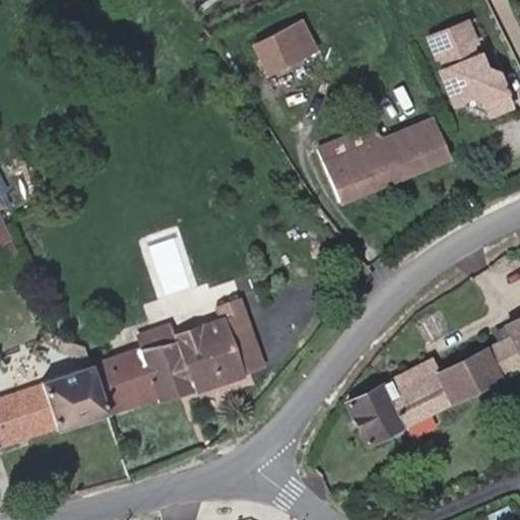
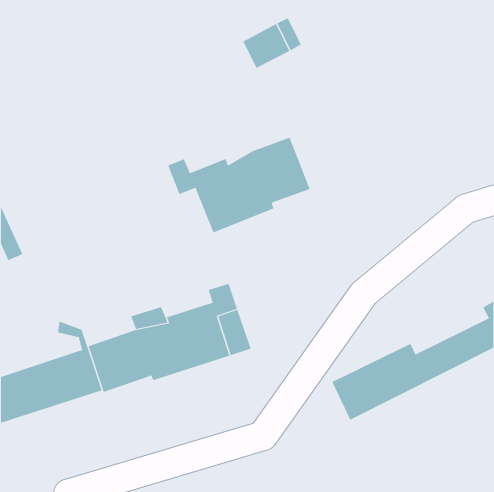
building: [429,22,512,114] -> none
building: [318,118,450,200] -> none
building: none -> [168,137,310,233]

